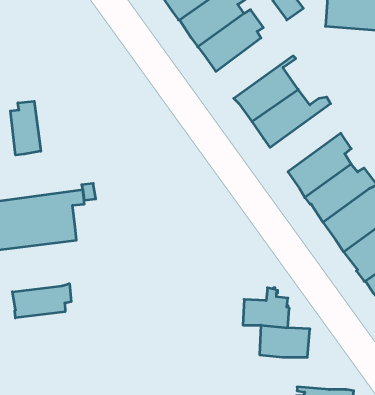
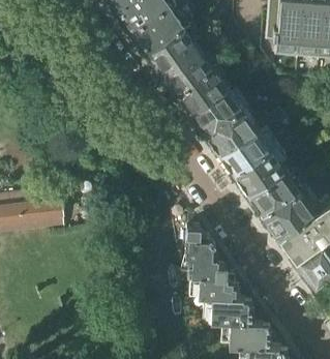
building: none -> [175,64,237,113]
building: none -> [218,109,282,172]
building: [10,101,41,155] -> none
building: none -> [184,226,216,275]
building: [12,284,71,318] -> none
building: none -> [228,321,268,347]

